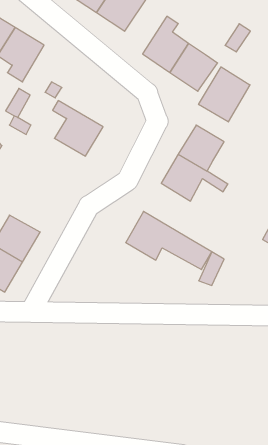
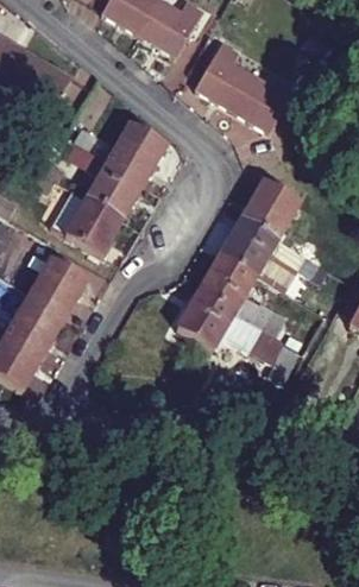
building: [199,67,250,122] -> none
building: none -> [108,119,169,179]
building: none -> [51,185,125,252]
building: none -> [26,245,89,313]
building: none -> [199,251,272,324]

